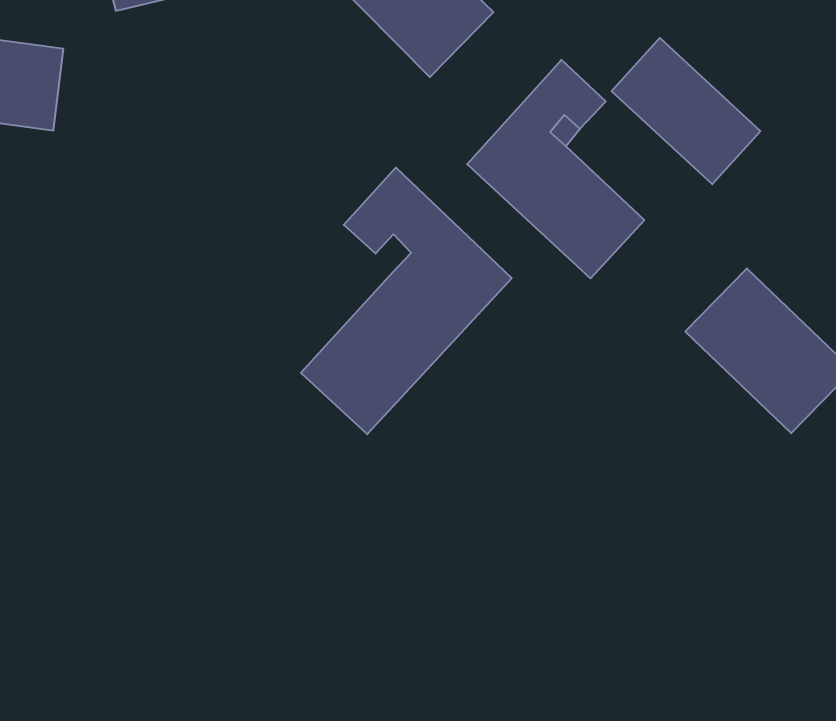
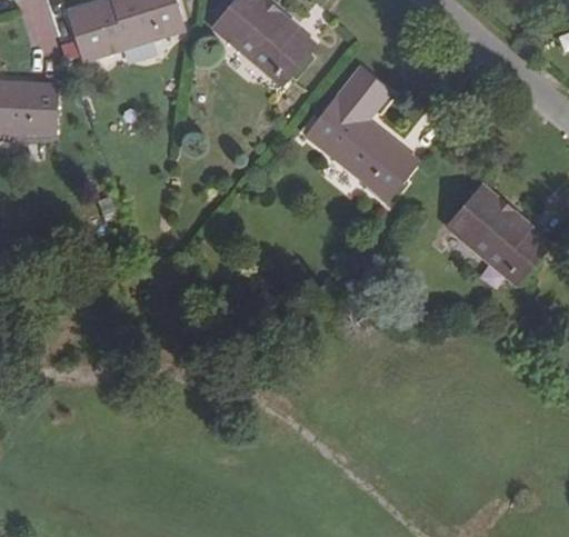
building: [612,38,760,184] -> none
building: [301,168,512,434] -> none

